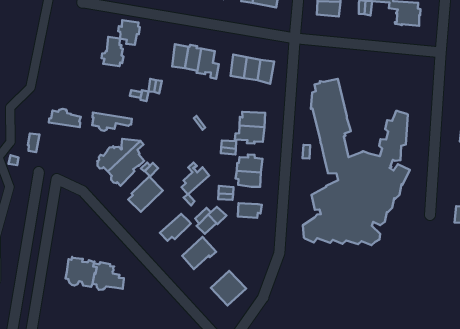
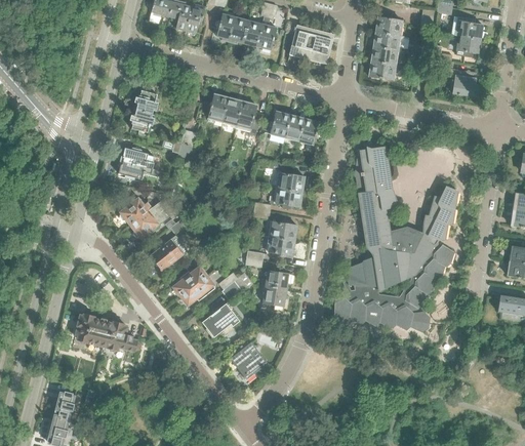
building: [118,20,140,45] -> [130,109,154,136]
building: [49,109,81,127] -> [120,147,155,168]
building: [181,162,209,194] -> [174,261,205,295]
building: none -> [262,285,286,311]

